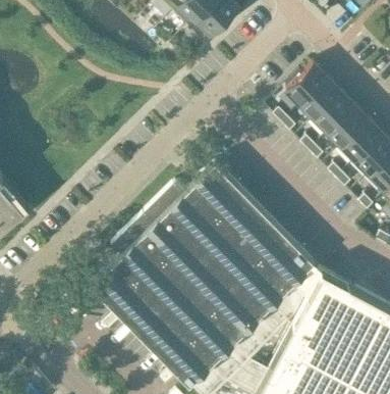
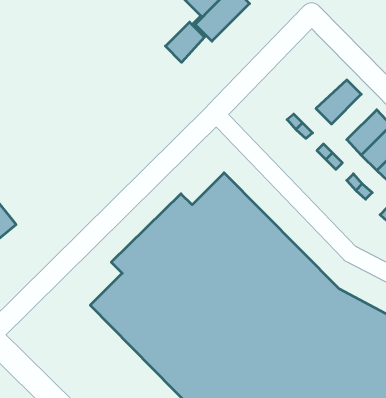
building: none -> [165,22,205,62]
building: [288,66,330,107] -> none
building: [316,94,357,136] -> none

